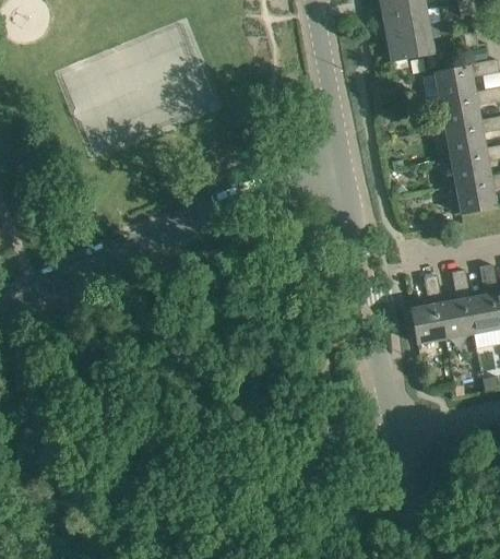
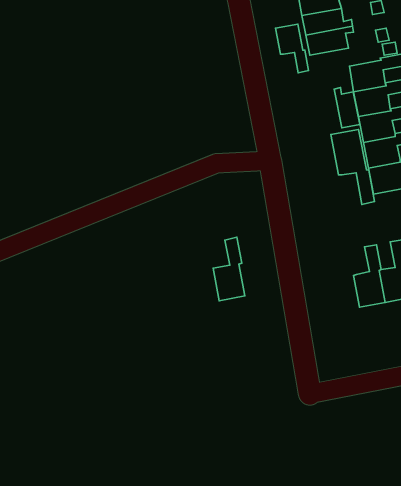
building: none -> [276,24,308,73]
building: none -> [334,88,360,128]
building: none -> [331,129,374,204]
building: [410,274,445,344] -> [213,237,245,301]

